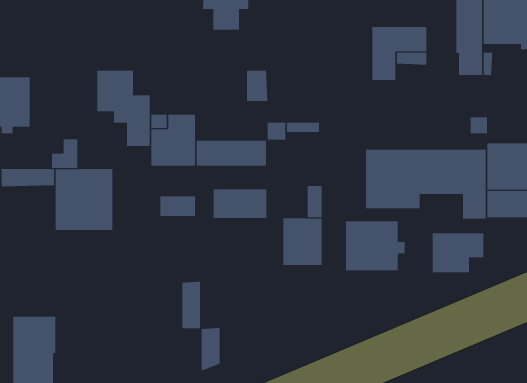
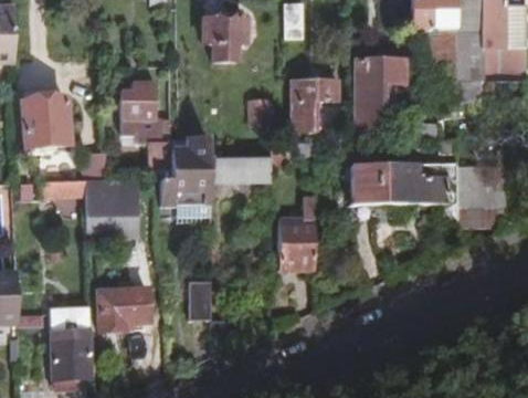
building: none -> [292,80,337,129]
building: [213,189,267,219] -> [161,179,208,205]
building: [346,220,405,271] -> none
building: [432,233,484,273] -> none
building: none -> [97,291,149,332]

